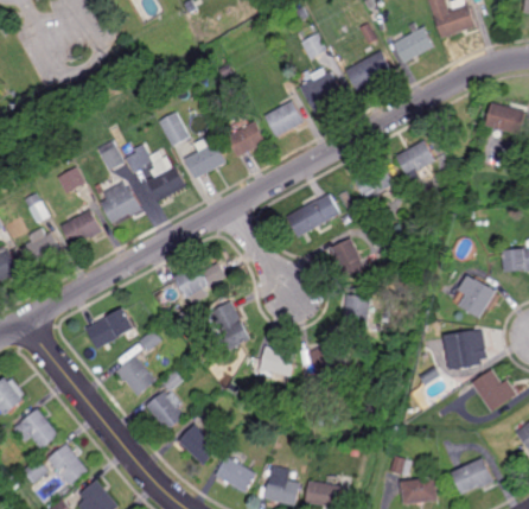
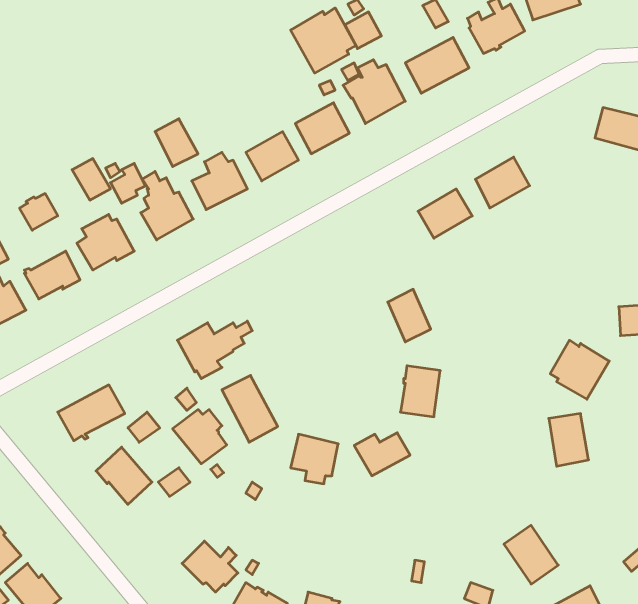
building: none -> [291,8,356,73]
building: [286,192,339,242] -> none
building: [471,369,511,413] -> [504,525,558,584]
building: [145,392,185,432] -> [173,410,227,464]

